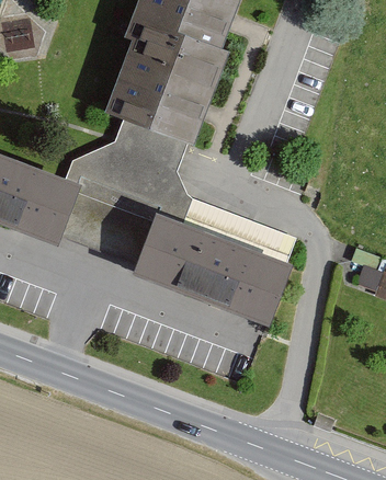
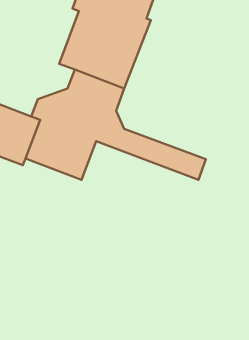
building: [130,214,290,325] -> none

